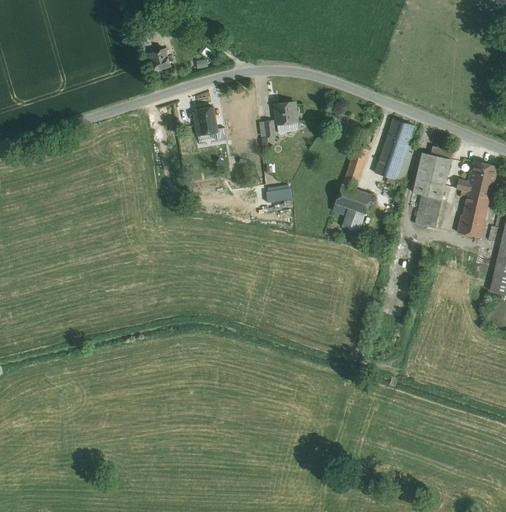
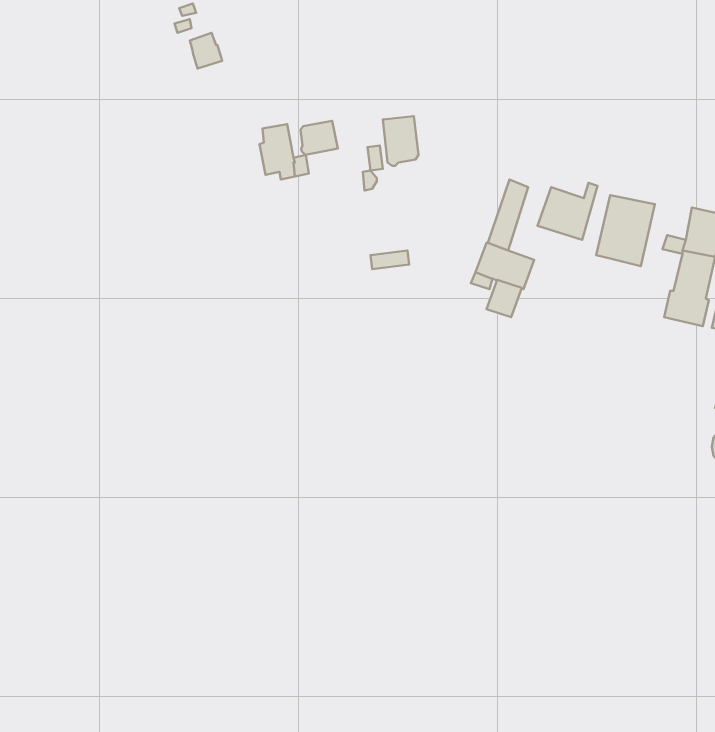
building: none -> [300,121,338,155]
building: [384,118,415,154] -> none
building: [415,193,442,227] -> none

